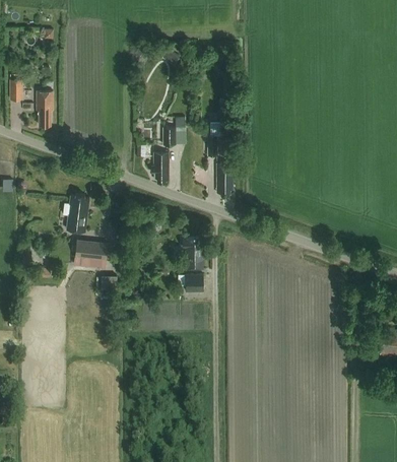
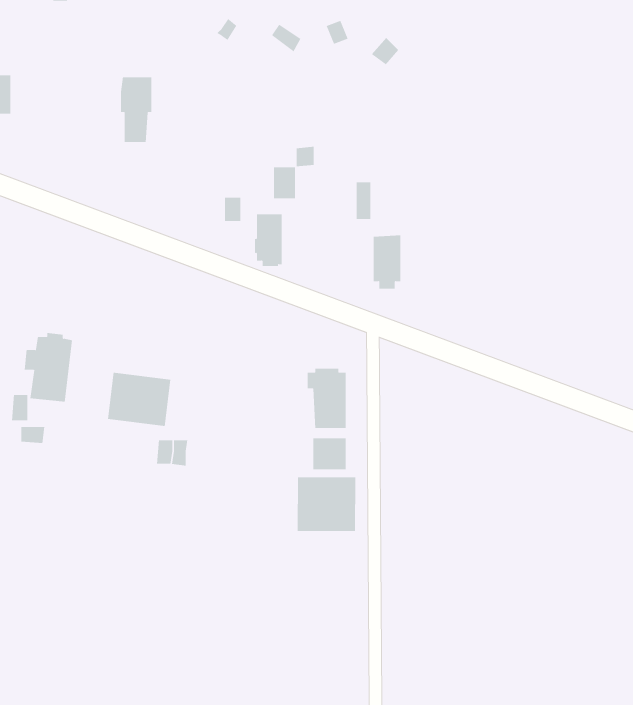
building: [37,90,54,126] -> [120,77,152,143]
building: [63,194,89,232] -> [24,333,73,402]
building: none -> [297,476,356,532]

